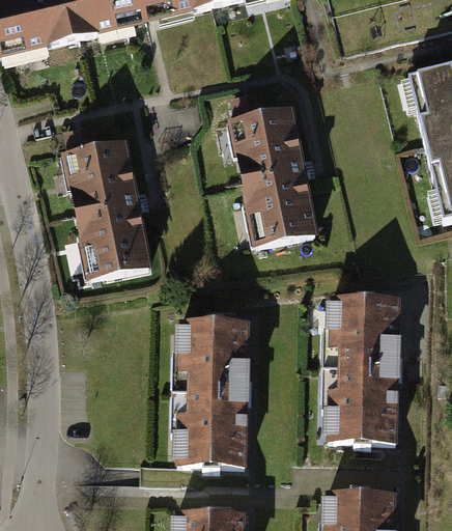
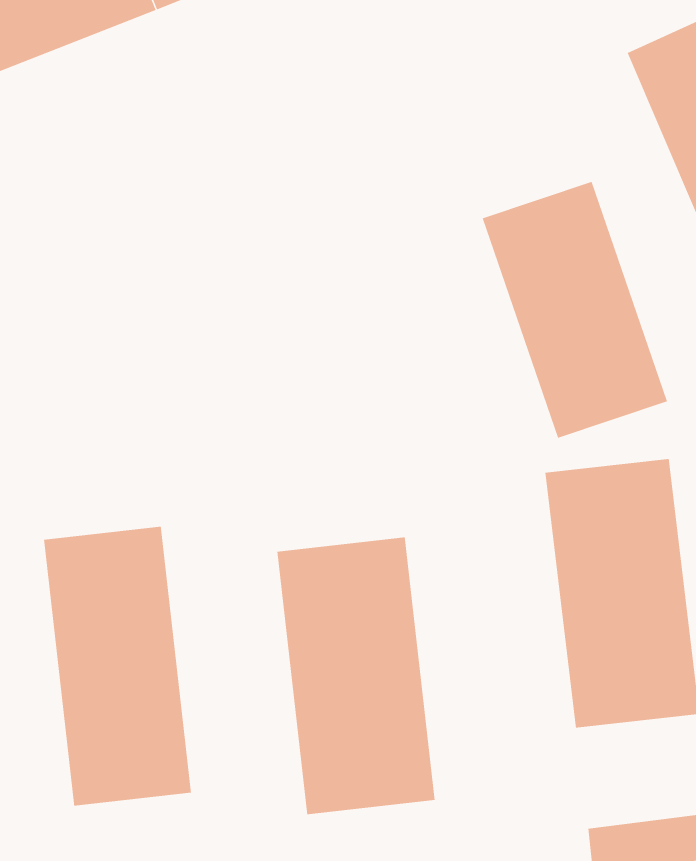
building: [231,105,317,241] -> [482,181,668,438]
building: [67,138,146,275] -> none
building: none -> [43,526,192,807]

